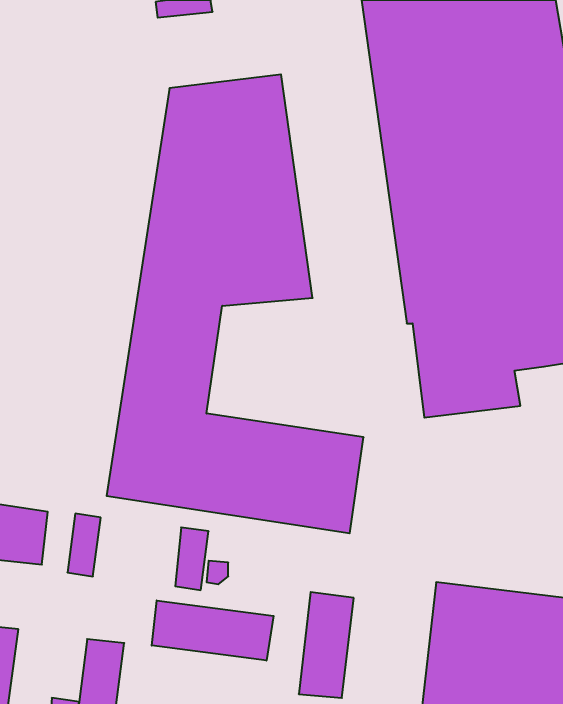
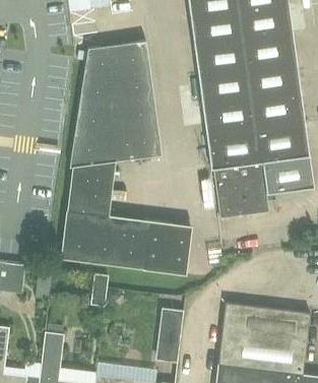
building: [152,600,274,661] -> none

